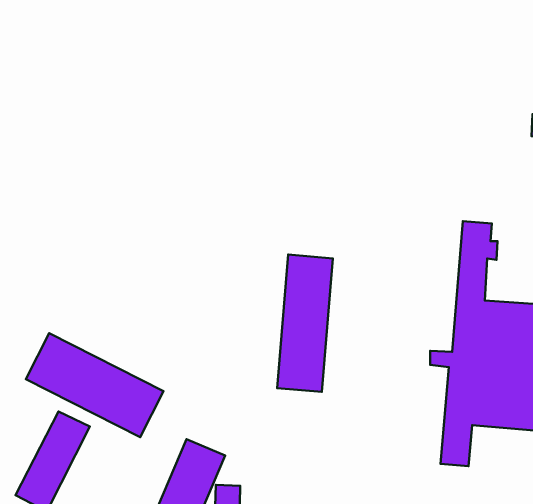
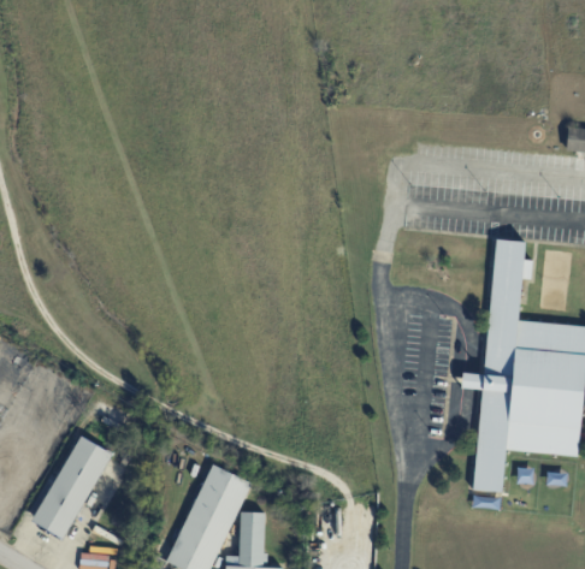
building: [277,255,333,392] -> none
building: [26,333,164,437] -> none

